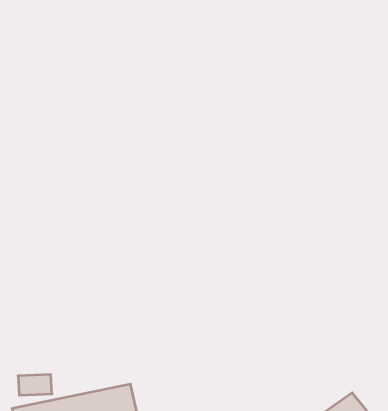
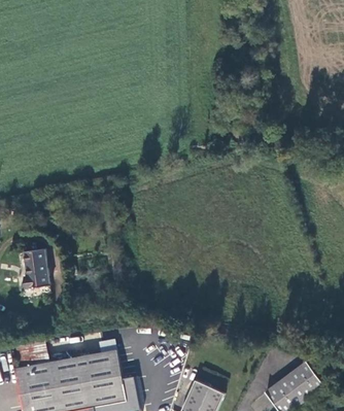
building: none -> [26,256,53,294]

